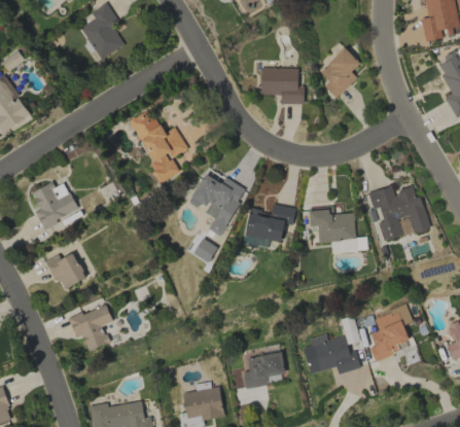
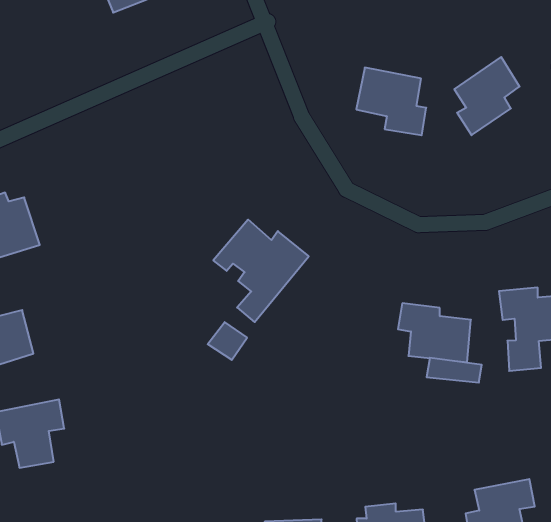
building: [129,108,186,182] -> none
building: [244,204,295,242] -> none

